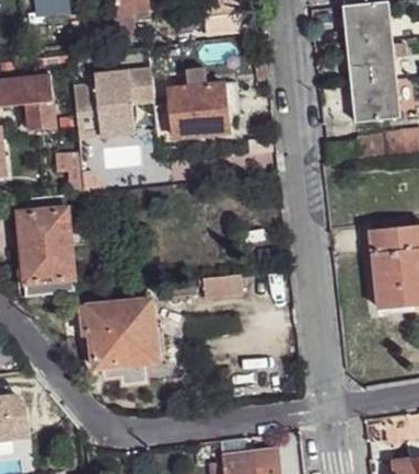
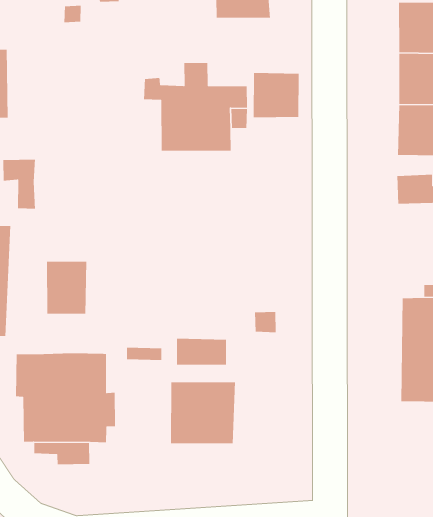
building: [72,67,152,137] -> none
building: none -> [253,72,300,118]
building: none -> [46,261,87,315]
building: none -> [170,381,236,444]

